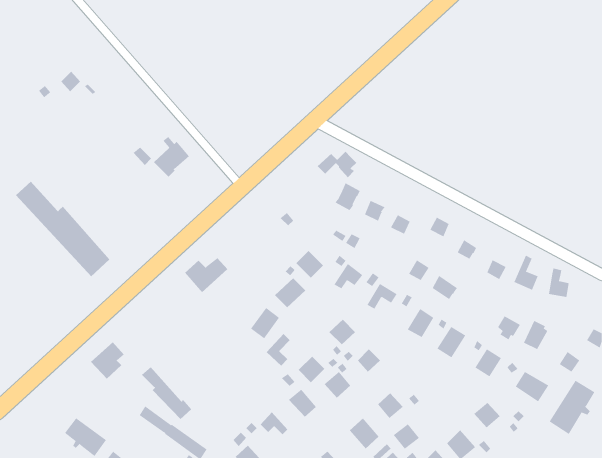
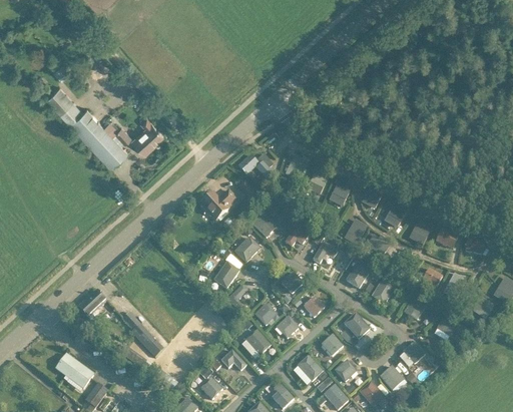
building: [317,151,357,178] -> [237,153,272,176]
building: [15,181,110,277] -> [45,85,125,166]
building: [184,257,228,293] -> [199,190,236,221]
building: none -> [342,312,369,339]
building: [549,380,595,435] -> none

